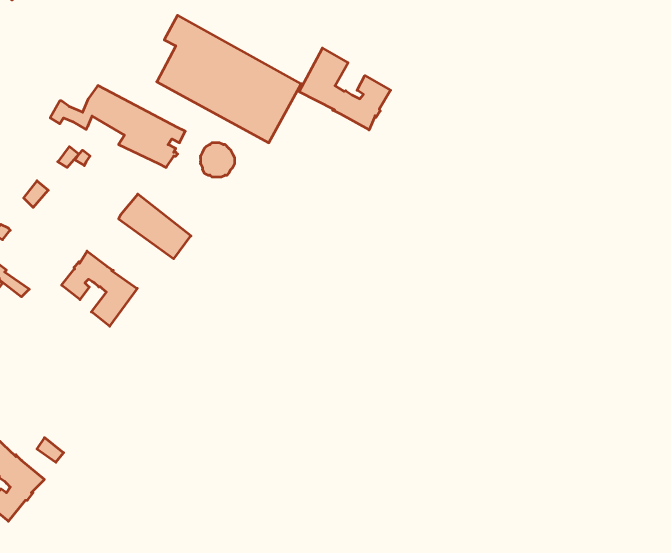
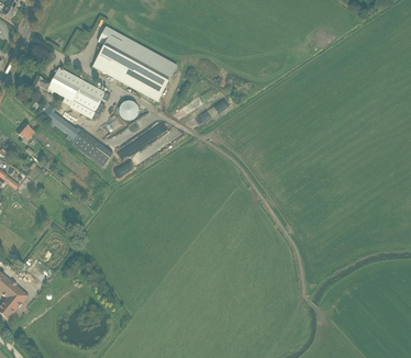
building: [299,48,391,130] -> none
building: [62,251,137,326] -> none

